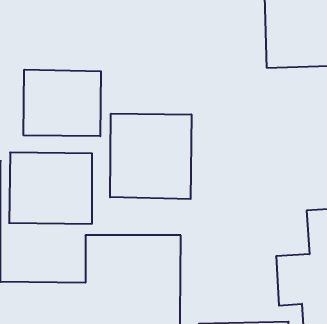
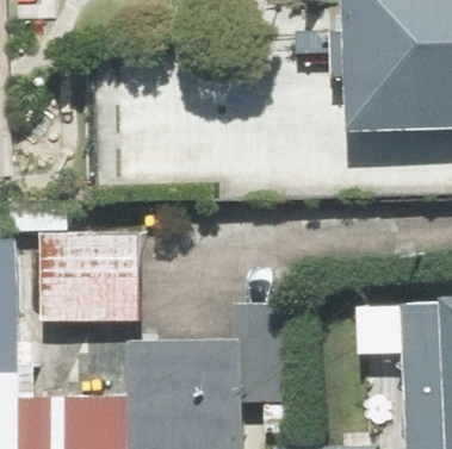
building: [24,70,101,136] -> none
building: [110,114,191,199] -> none

